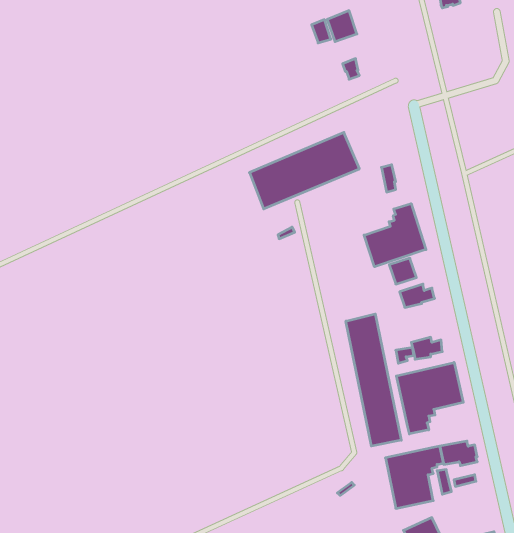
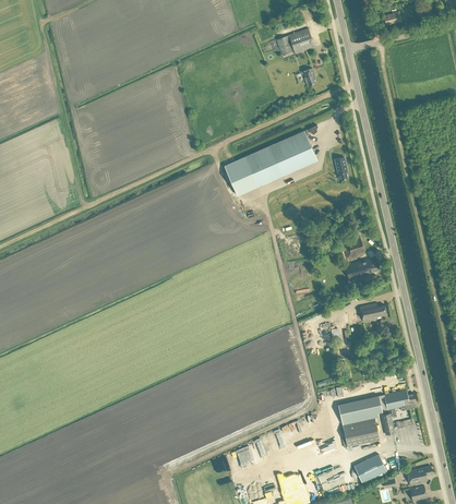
building: [364,204,426,267] -> none
building: [346,314,401,446] -> none
building: [396,362,463,434] -> none

